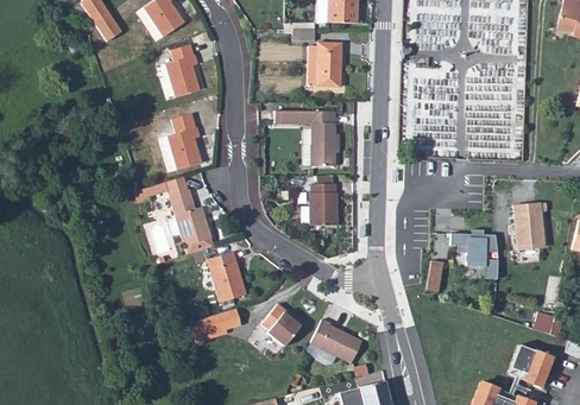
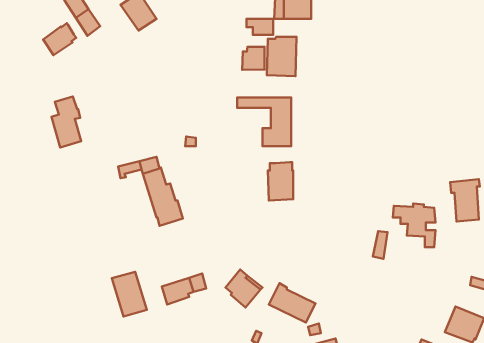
building: none -> [43,23,76,55]
building: [165,44,200,96] -> none
building: none -> [242,47,264,70]
building: [168,113,201,170] -> [52,97,81,148]
building: [207,252,246,302] -> [112,272,147,316]

